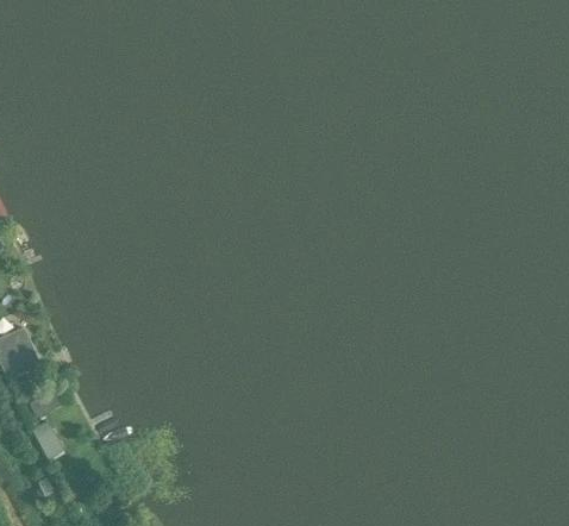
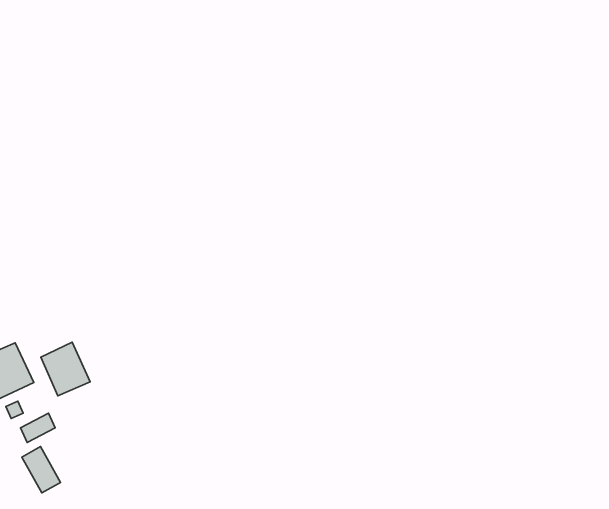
building: none -> [41,342,90,396]

